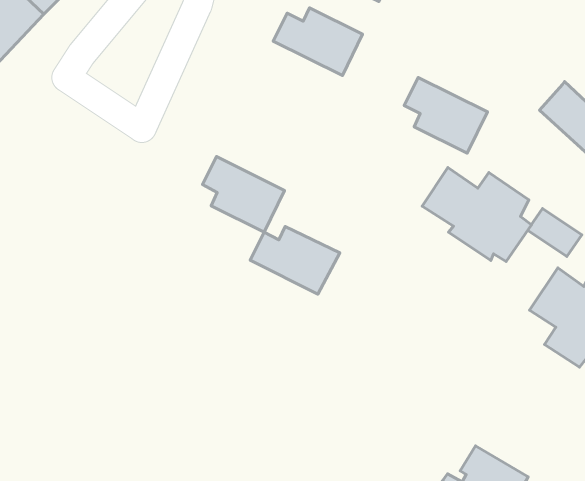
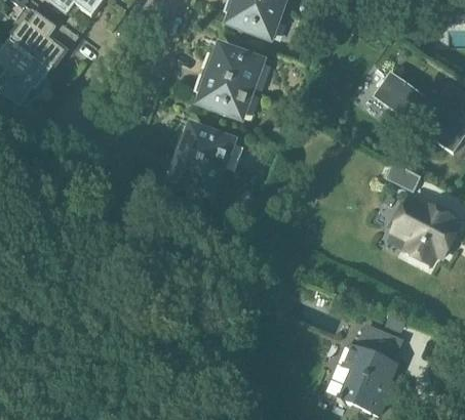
building: [404,77,488,153] -> [196,71,251,117]
building: [422,168,531,261] -> none
building: [250,227,340,294] -> [175,126,233,168]

